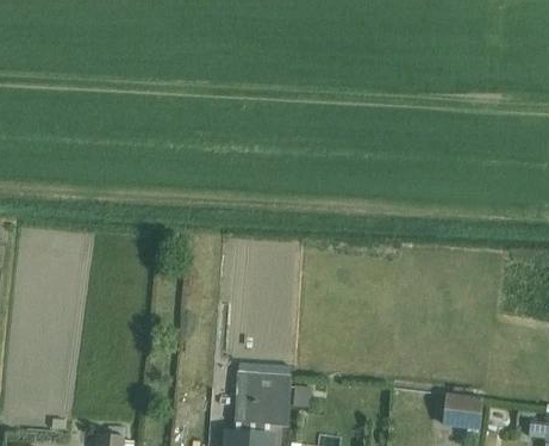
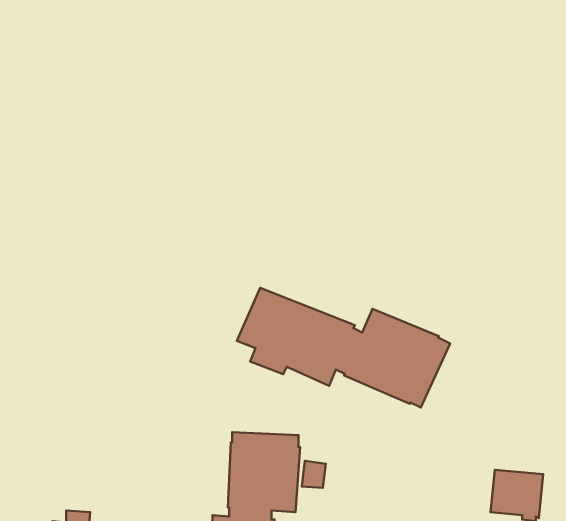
building: none -> [237,288,450,408]

